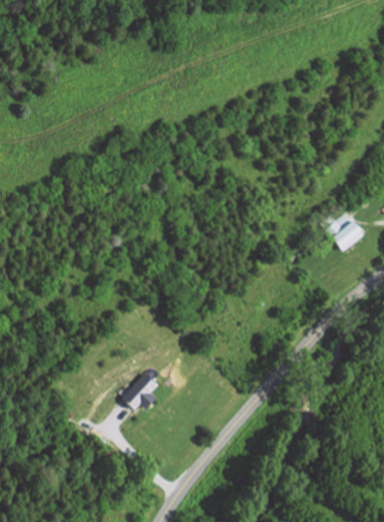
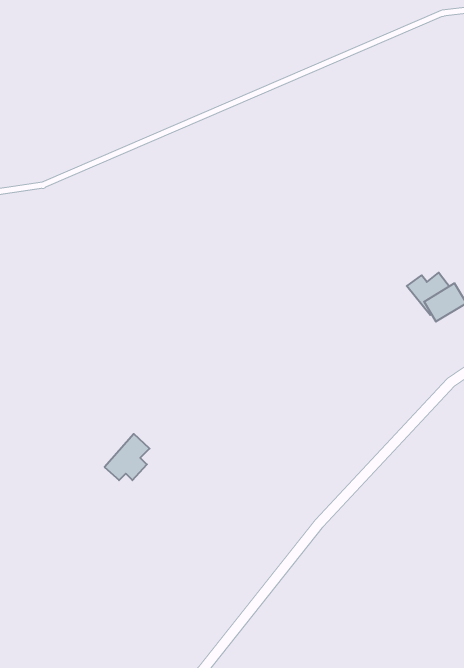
building: [122,374,157,410] -> [105,434,150,480]

